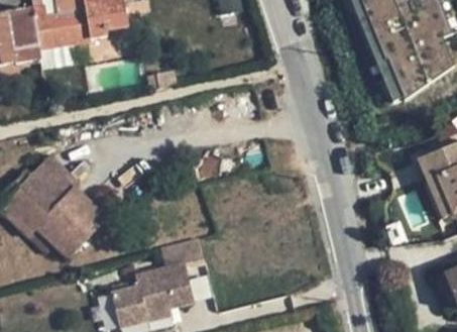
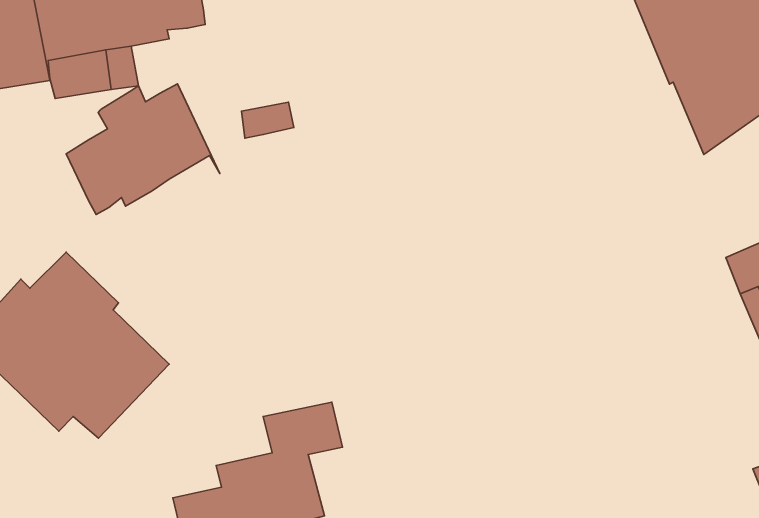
building: none -> [66,84,220,215]

